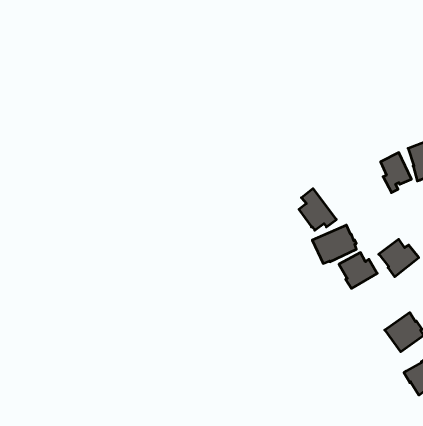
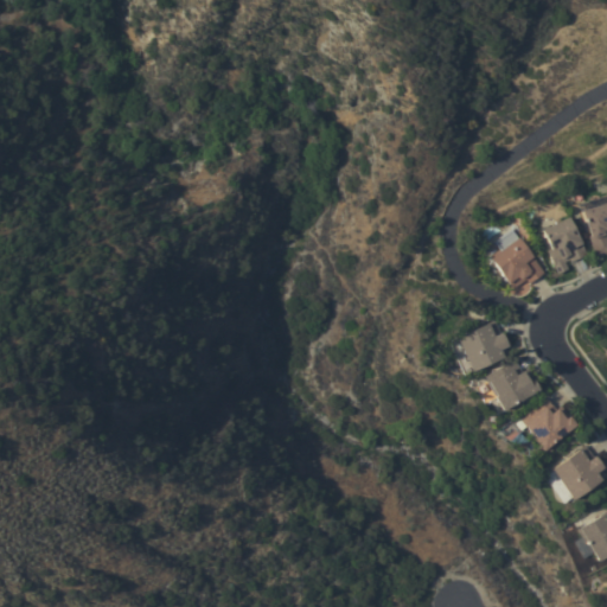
building: [299,189,336,230] -> [493,229,547,288]
building: [379,239,419,277] -> [520,398,577,452]

